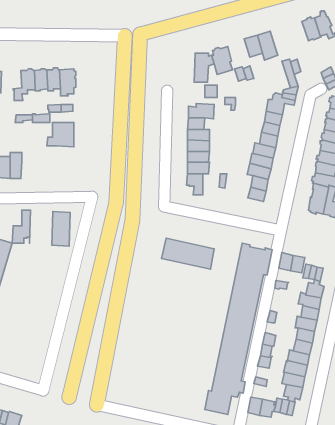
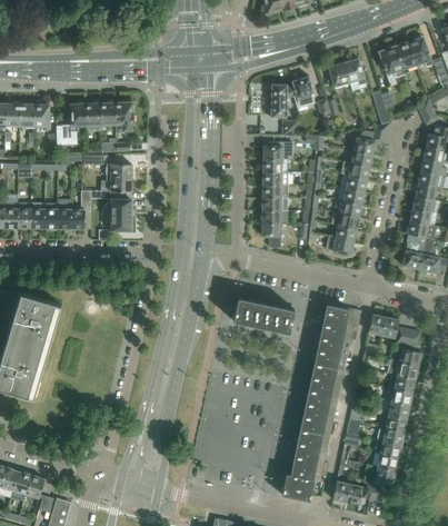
building: none -> [379,44,405,86]
building: [12,210,31,243] -> [70,190,91,228]
building: [52,212,70,246] -> [110,190,131,230]

